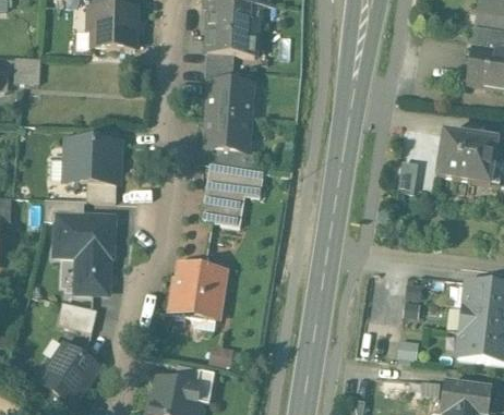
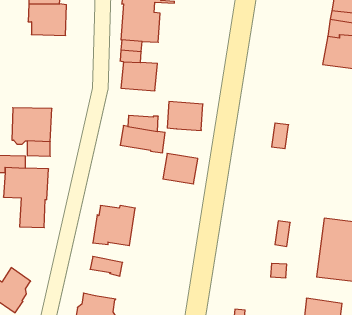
building: [204,113,250,150] -> [167,102,203,130]
building: [437,131,495,182] -> none
building: [200,186,244,225] -> [163,153,198,184]
building: [57,301,96,331] -> none
building: [173,363,215,388] -> [90,256,123,276]

